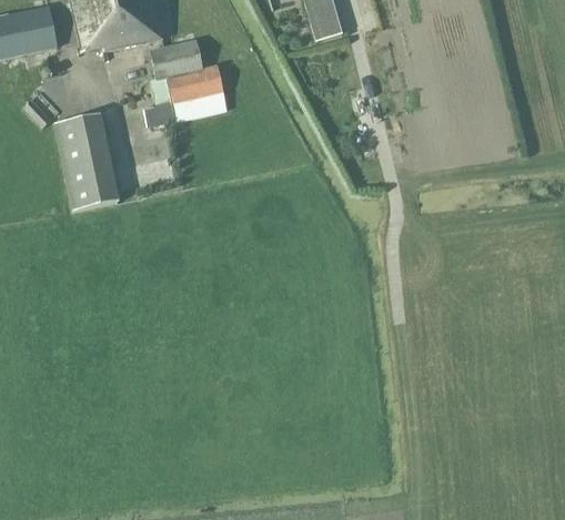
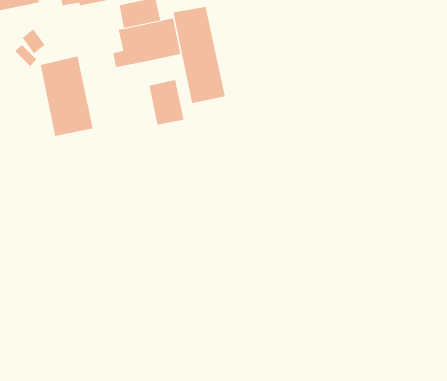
building: none -> [173,6,225,104]
building: none -> [149,79,184,126]

